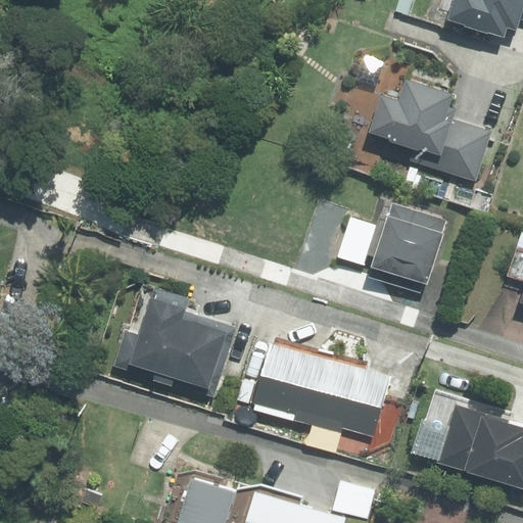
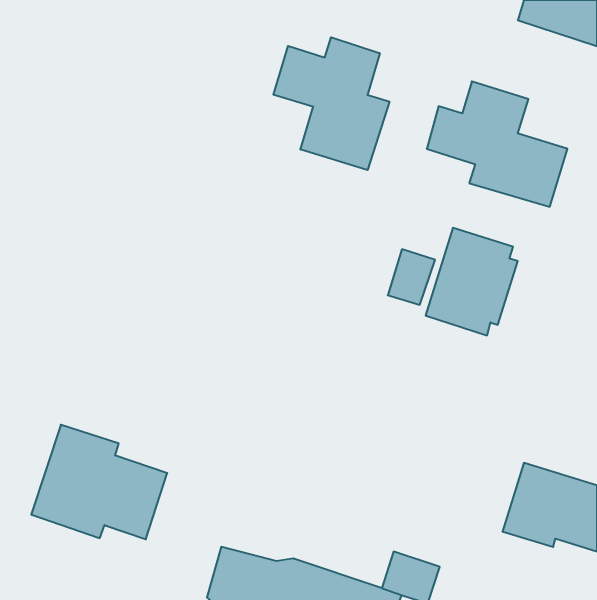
building: none -> [273,37,389,170]
building: [113,286,231,385] -> [31,425,167,539]
building: [255,339,391,437] -> none

